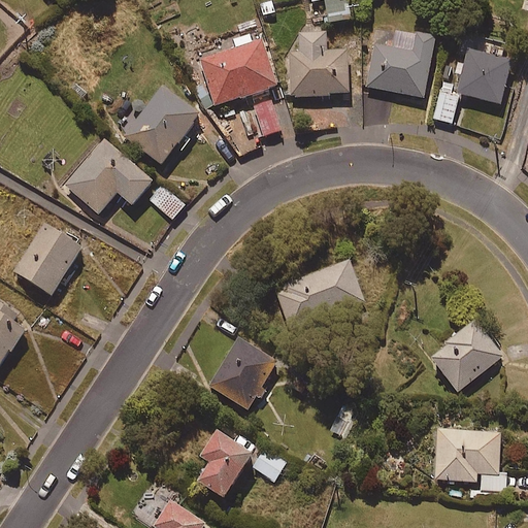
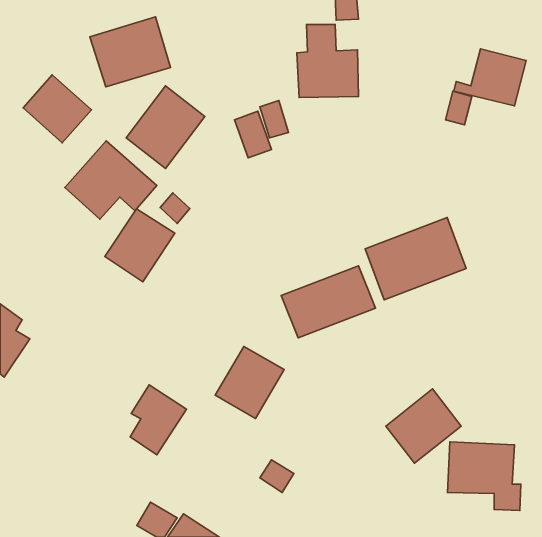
building: [366,32,435,96] -> none
building: [198,36,276,104] -> [90,17,170,87]
building: none -> [23,75,92,143]
building: none -> [365,217,466,300]
building: [13,224,81,295] -> [105,209,175,282]
building: [429,320,502,392] -> [386,389,461,463]
building: [197,432,252,500] -> [130,385,186,455]

